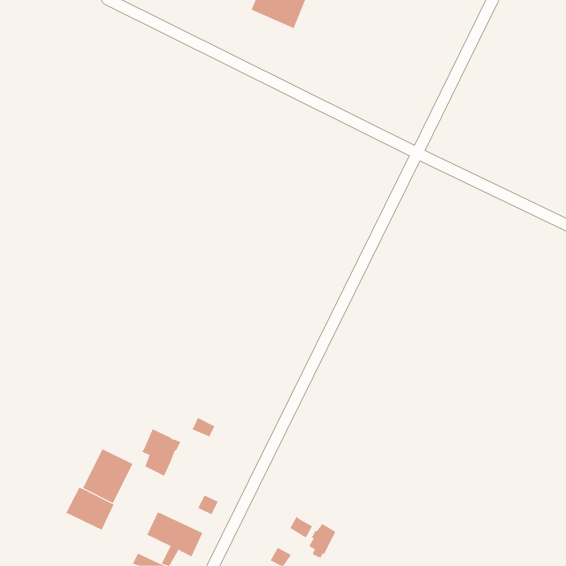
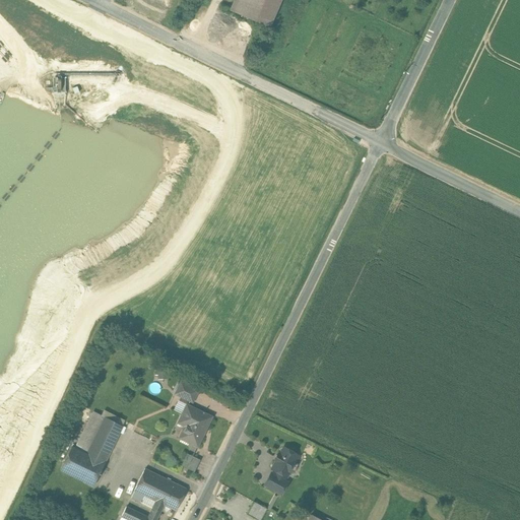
building: [141,429,181,476] -> [177,403,213,447]
building: [308,523,336,559] -> [273,447,299,479]

